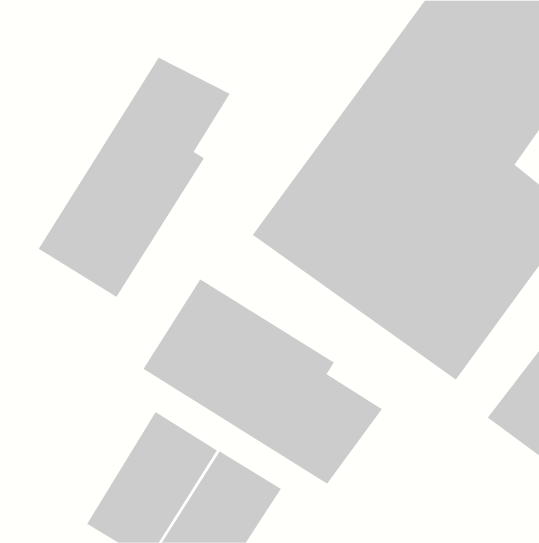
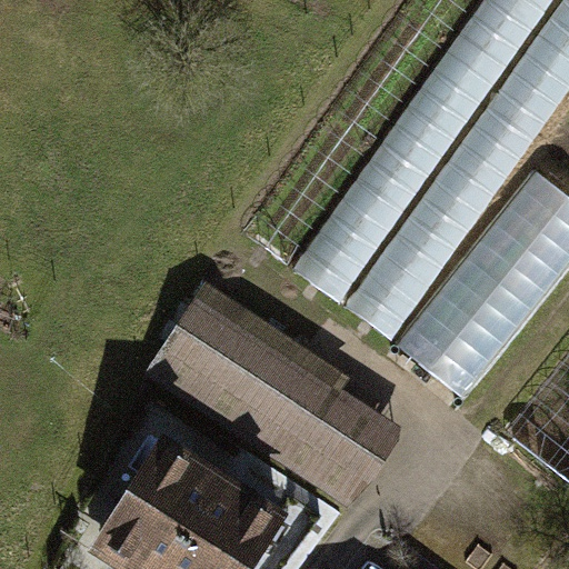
building: [38,57,230,298] -> none

